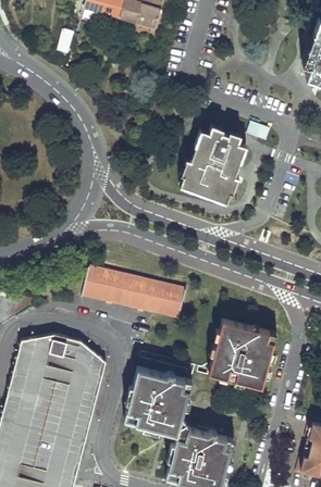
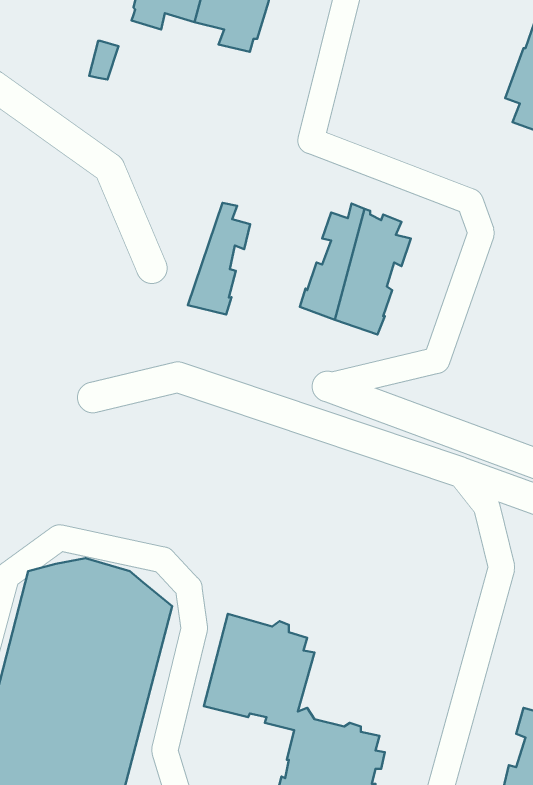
building: none -> [188,203,250,314]
building: [83,267,186,319] -> none
building: [208,321,273,388] -> none

